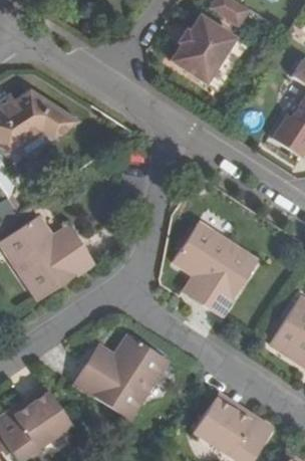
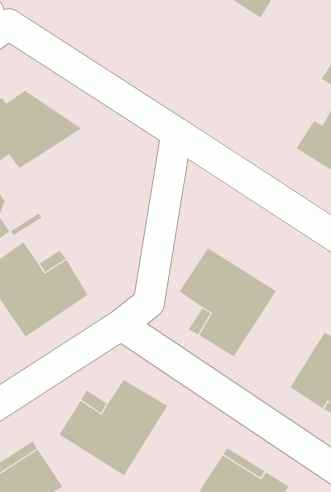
building: [174,12,239,82] -> none

